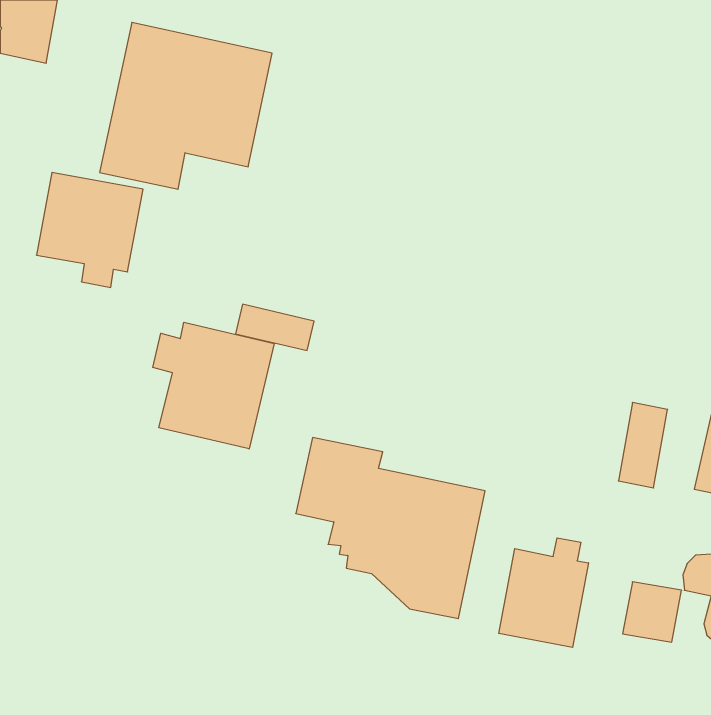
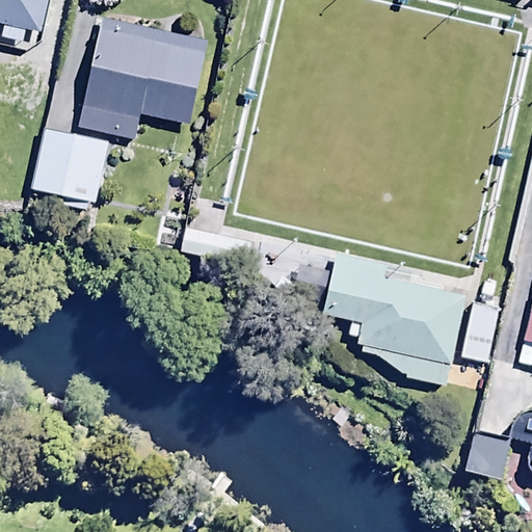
building: [153,322,274,449] -> none
building: [296,438,485,619] -> [323,252,463,387]
building: [499,538,588,647] -> none

